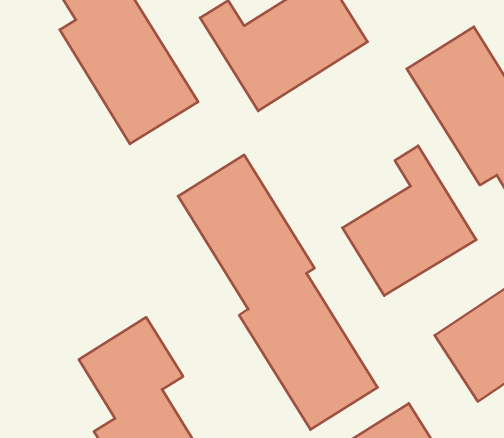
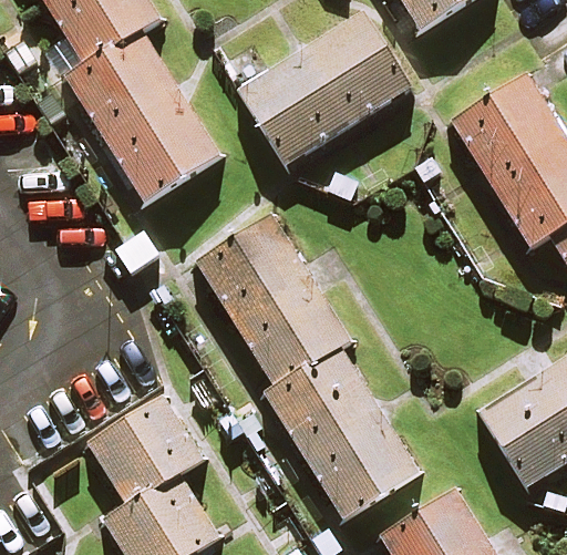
building: [342,146,476,296] -> none

